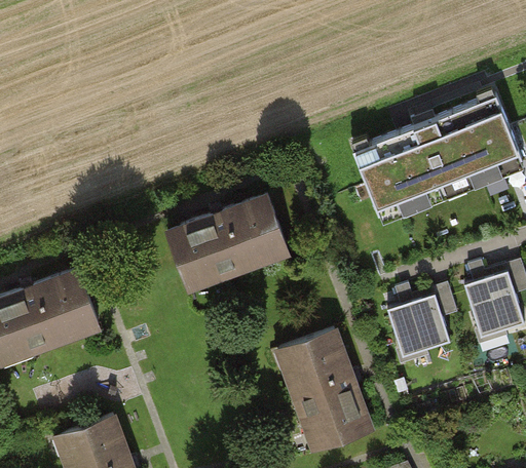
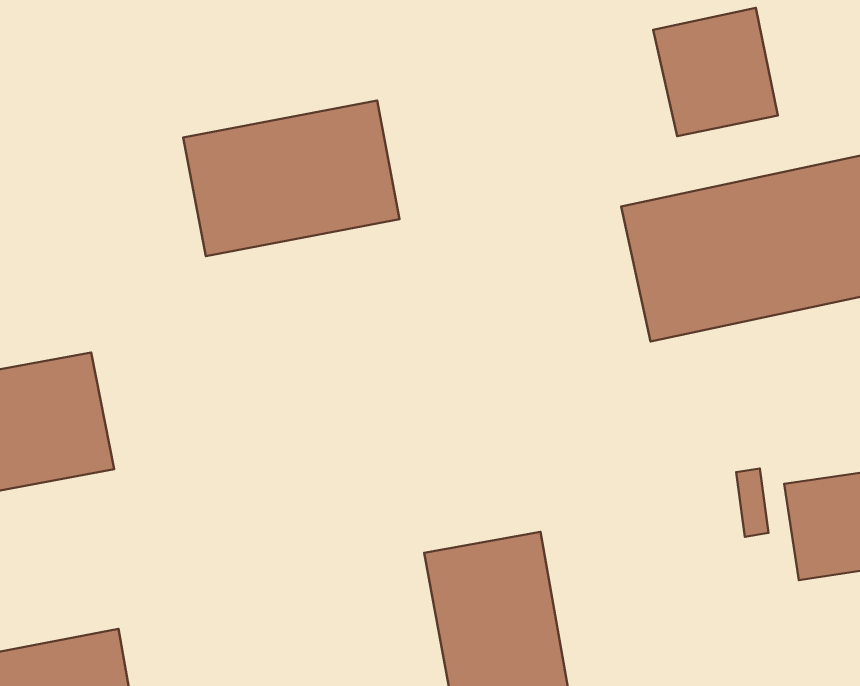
building: none -> [653,8,778,136]
building: [167,191,291,289] -> [183,101,400,256]
building: [385,291,449,355] -> none

